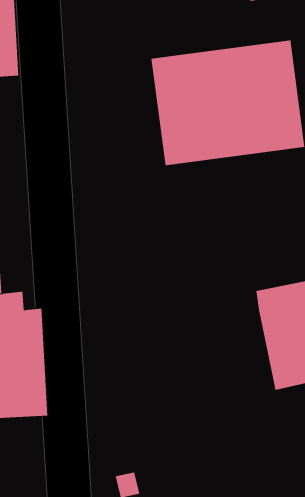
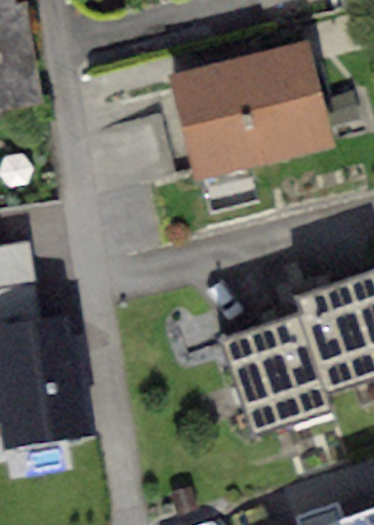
building: none -> [222,313,329,438]

